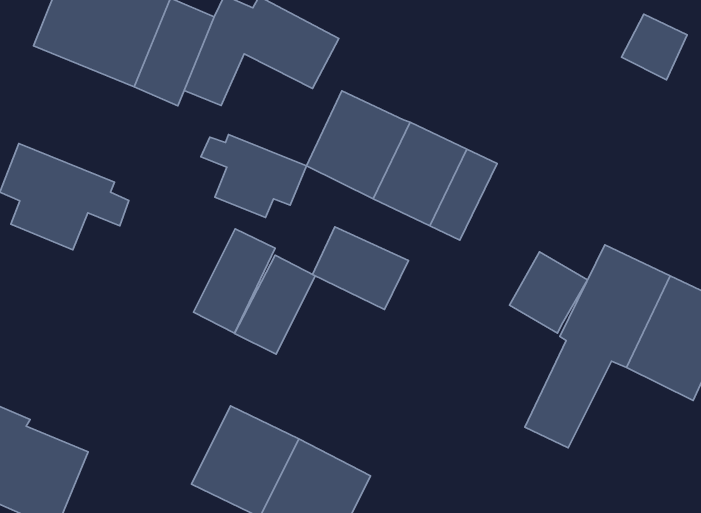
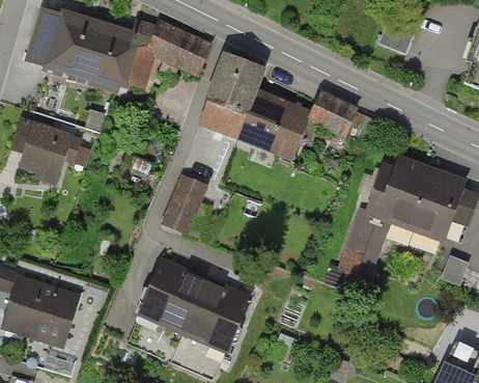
building: none -> [215,45,265,89]
building: [201,134,306,217] -> none
building: [312,227,408,309] -> none
building: [194,229,275,333] -> none
building: [509,252,588,333] -> [308,91,354,139]

